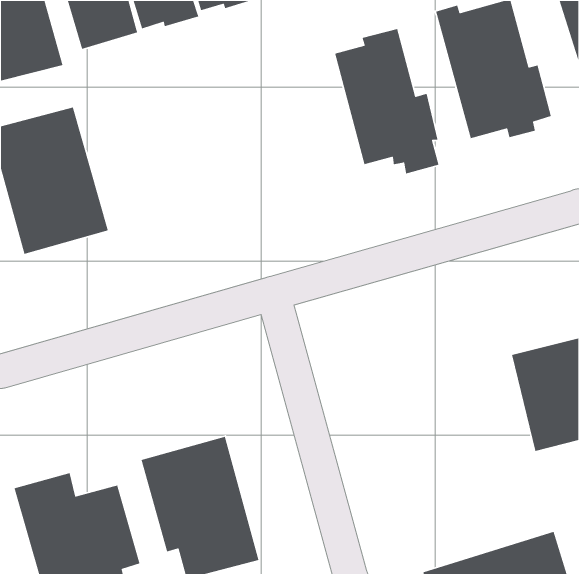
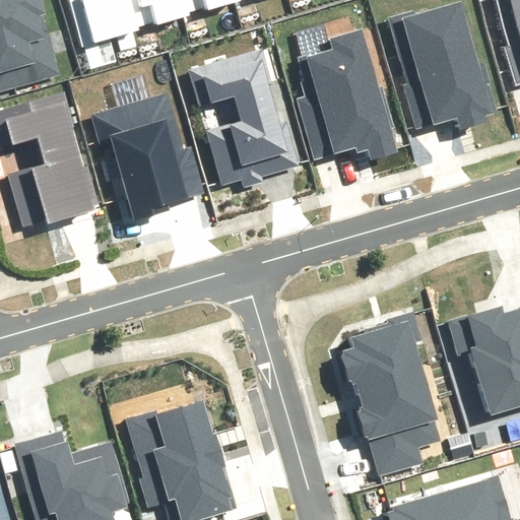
building: none -> [189,51,294,187]
building: none -> [98,99,203,210]
building: none -> [342,323,455,466]

